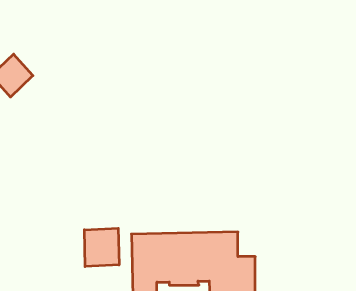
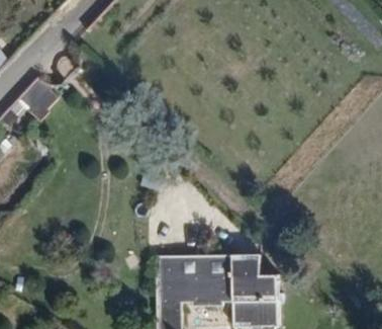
building: [84,228,119,267] -> none

